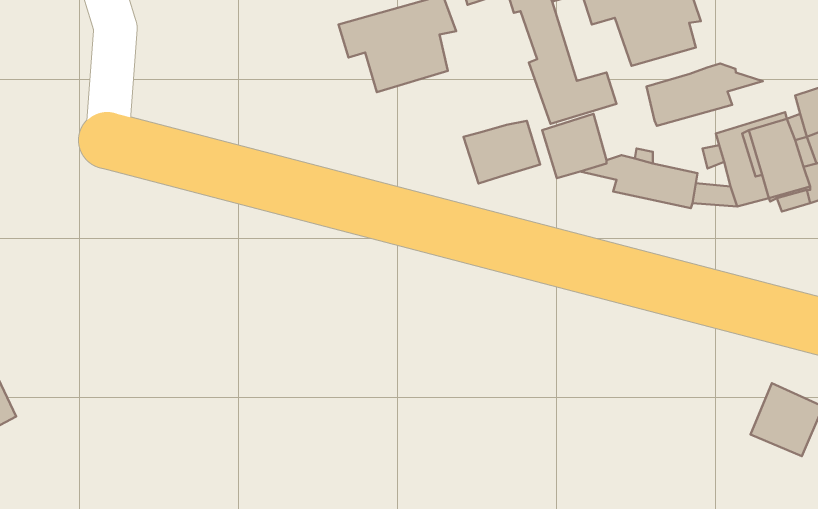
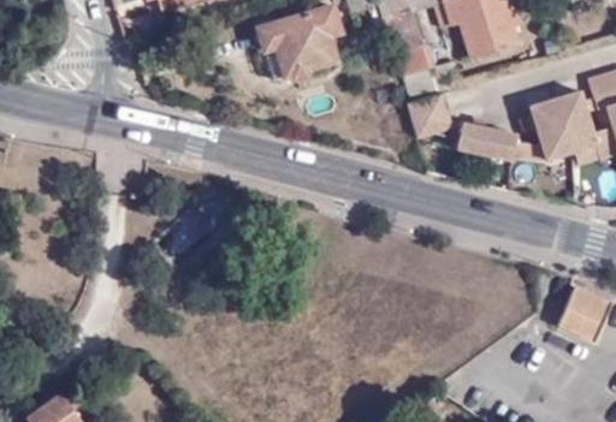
building: [646,63,763,126] -> none
building: [464,121,540,184] -> none

